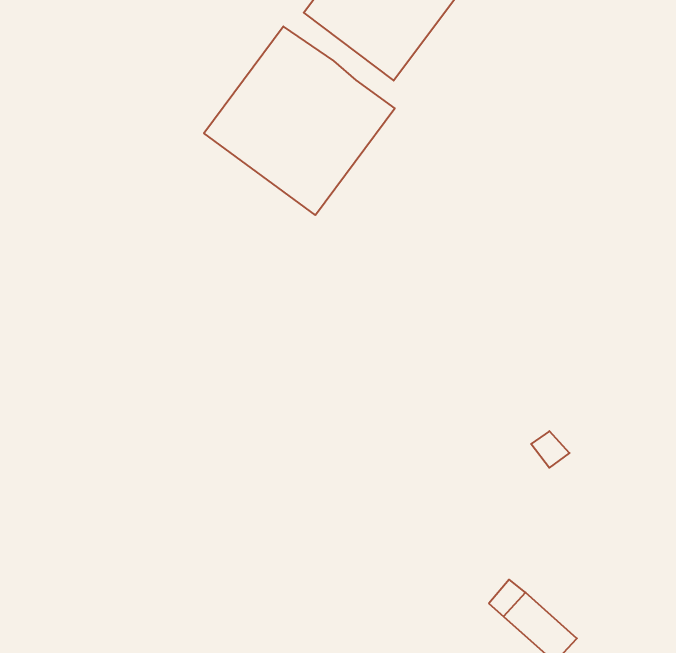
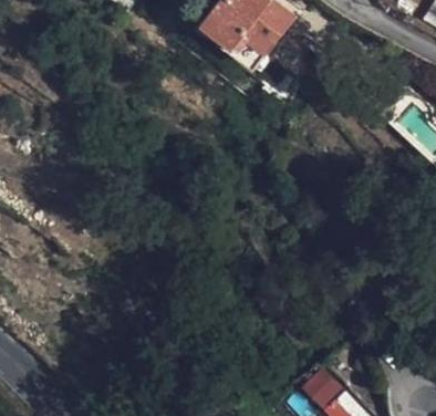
building: [204,26,395,215] -> none

